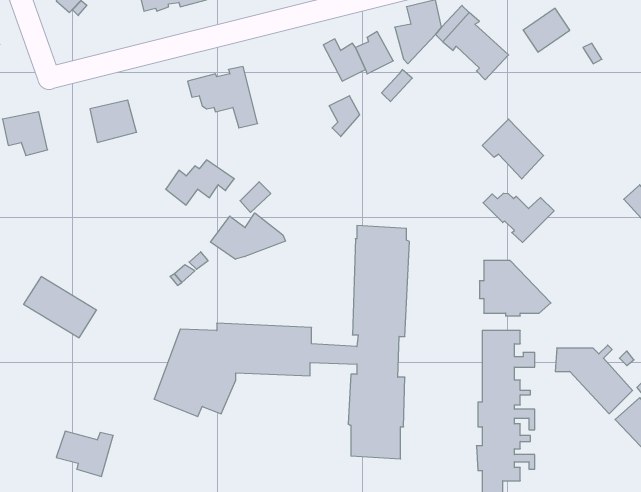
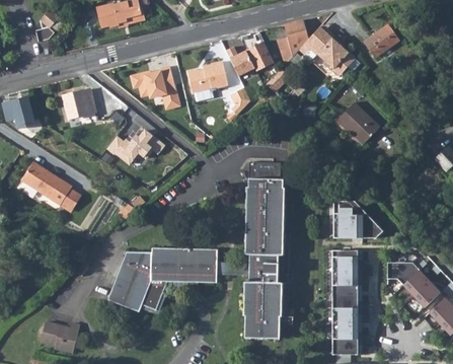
building: none -> [186,62,228,93]
building: [483,193,554,242] -> none
building: [210,213,285,259] -> none
building: [24,277,97,338] -> [21,162,72,205]

